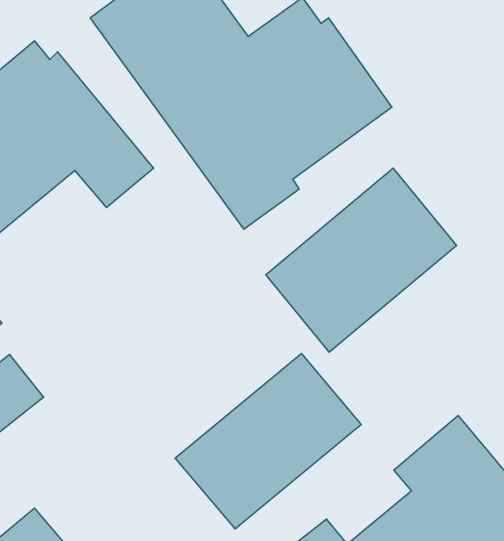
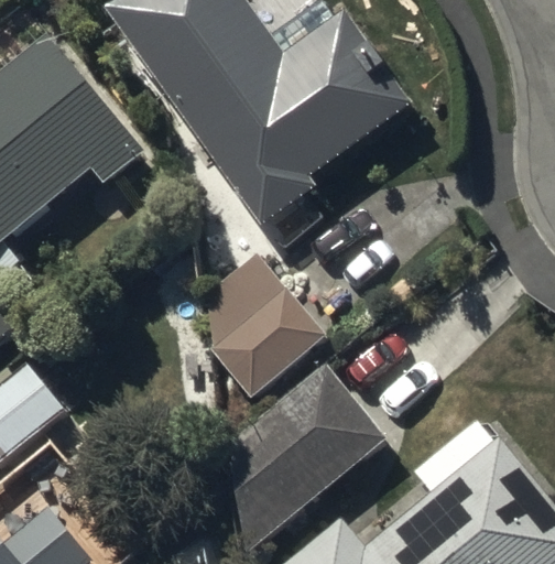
building: [266,168,456,352] -> none
building: none -> [210,262,327,403]

